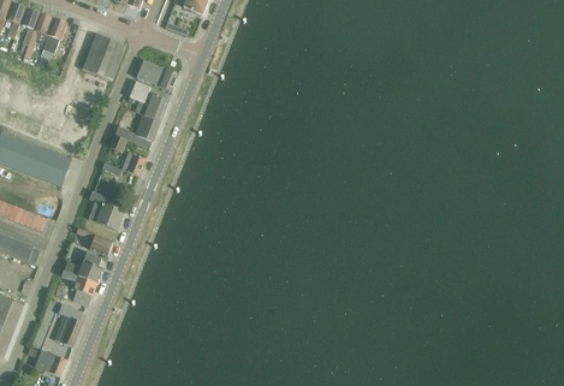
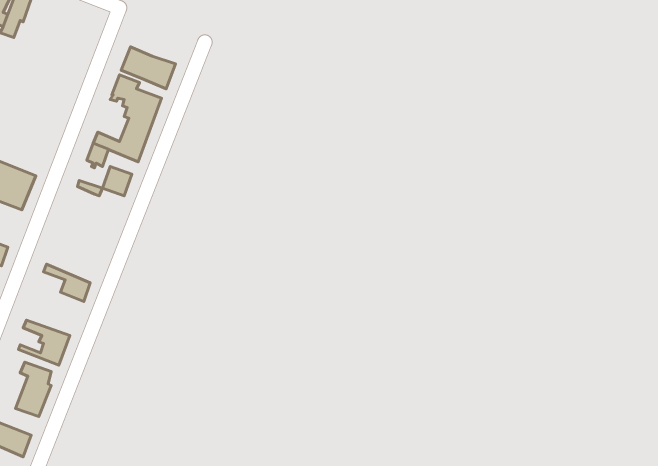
building: [82,32,124,79] -> none
building: [88,190,124,230] -> none
building: [63,253,101,283] -> none

